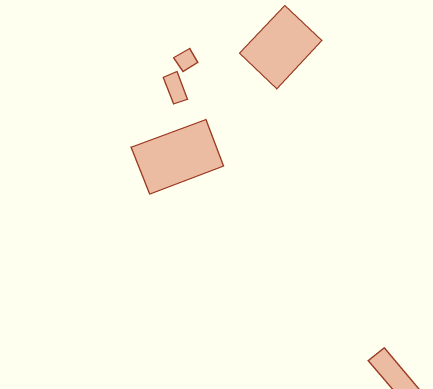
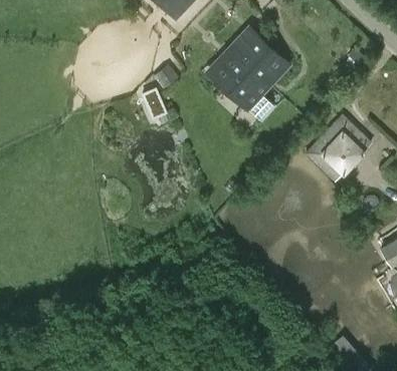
building: none -> [306,117,371,182]
building: [131,119,223,194] -> none

